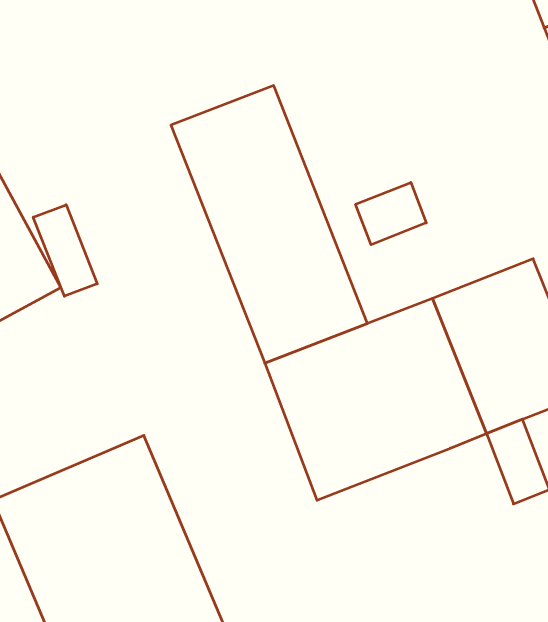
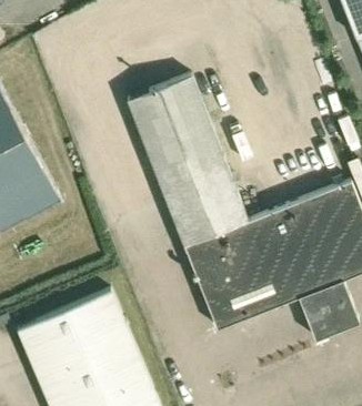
building: [356,182,426,245] -> none
building: [33,205,97,296] -> none
building: none -> [300,287,339,338]

